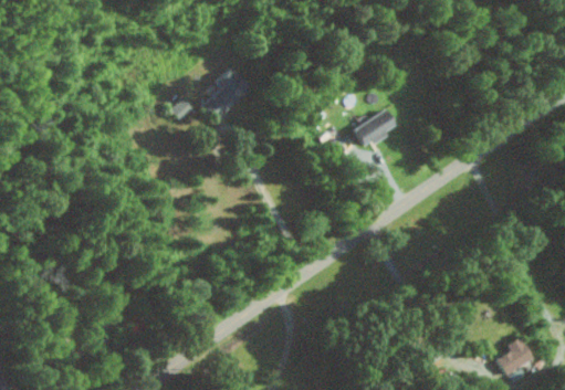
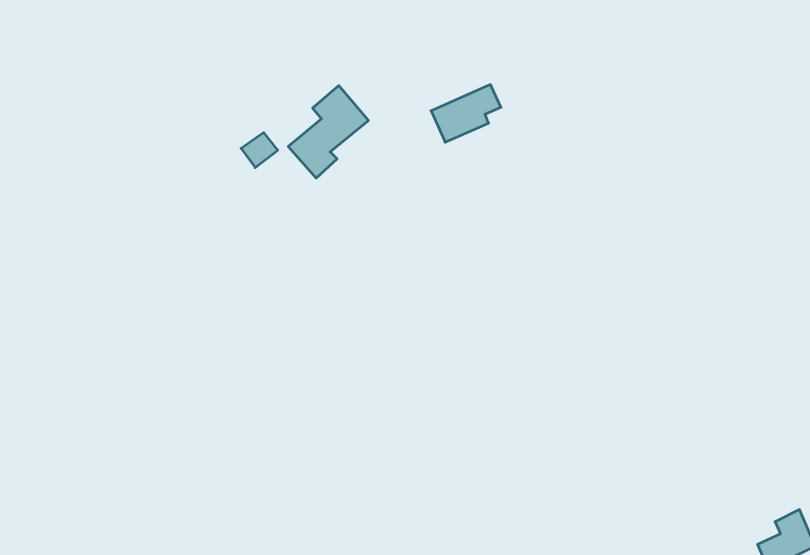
building: [353,109,397,146] -> [431,85,501,142]

